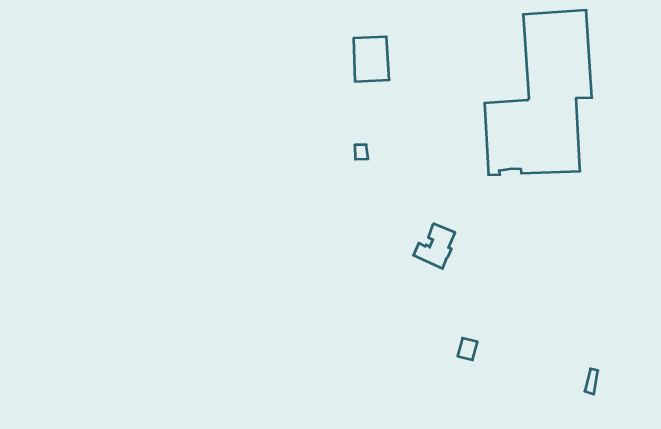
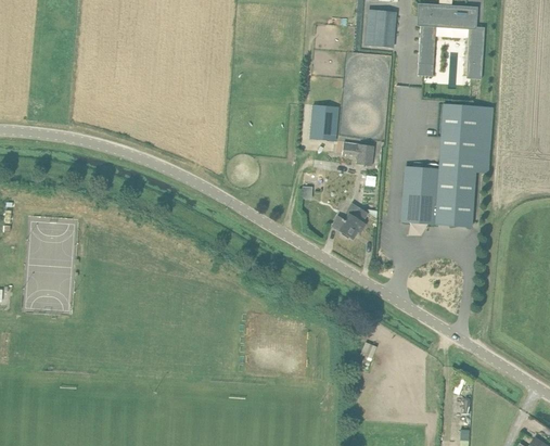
building: none -> [341,141,373,164]
building: [413,224,455,269] -> [332,203,366,238]

